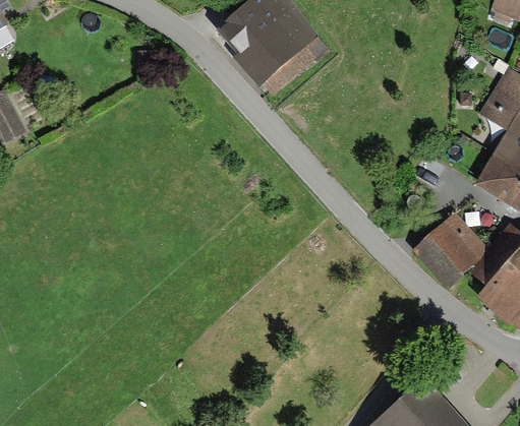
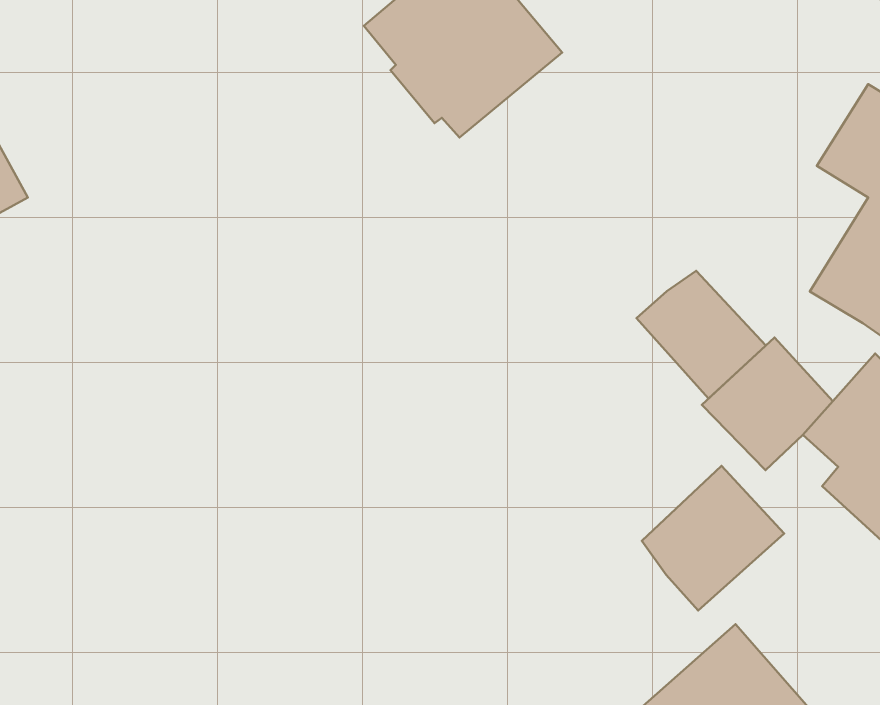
building: none -> [636,271,766,399]
building: none -> [642,466,784,611]

